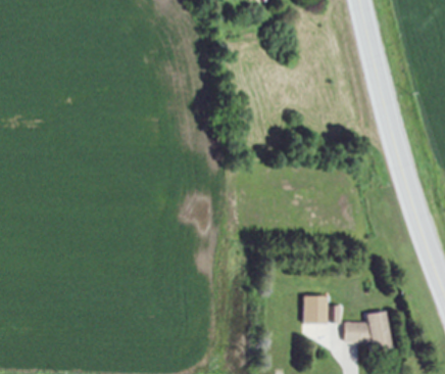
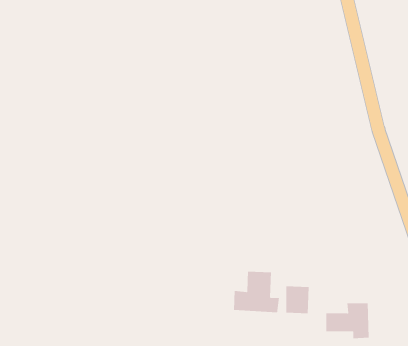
building: none -> [233,271,279,313]

